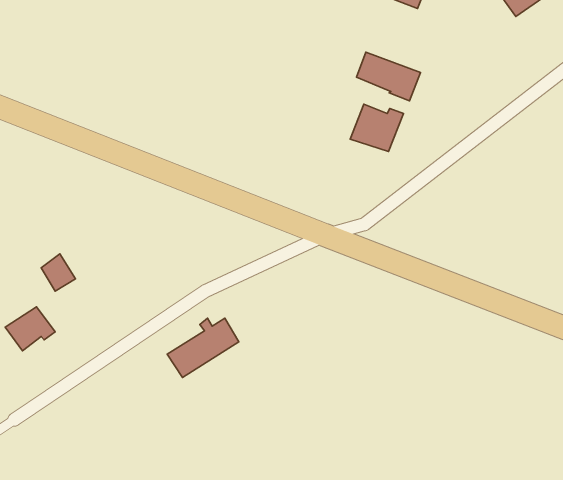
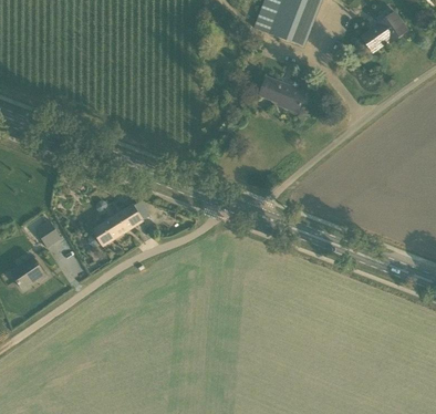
building: [350,104,404,151] -> none
building: [167,318,239,378] -> [92,203,143,245]

